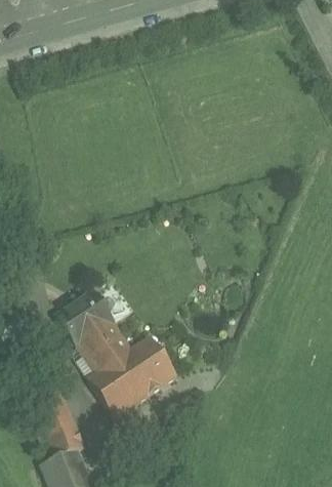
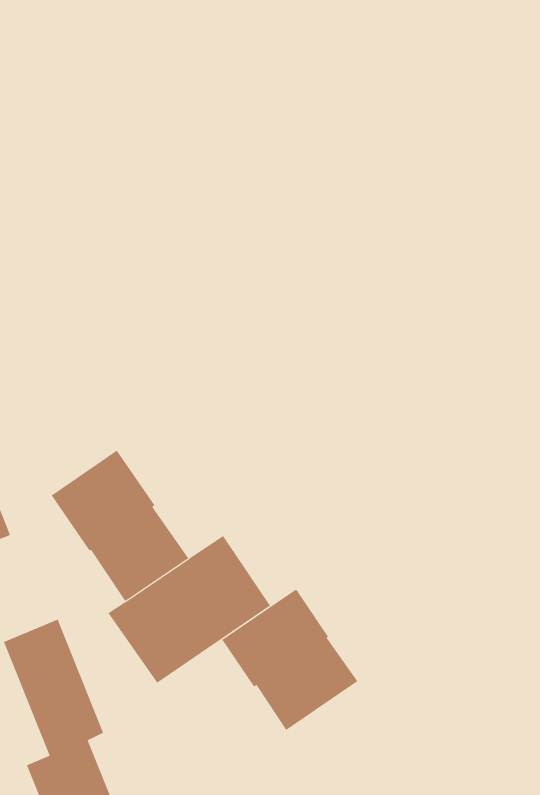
building: none -> [221,589,358,731]

